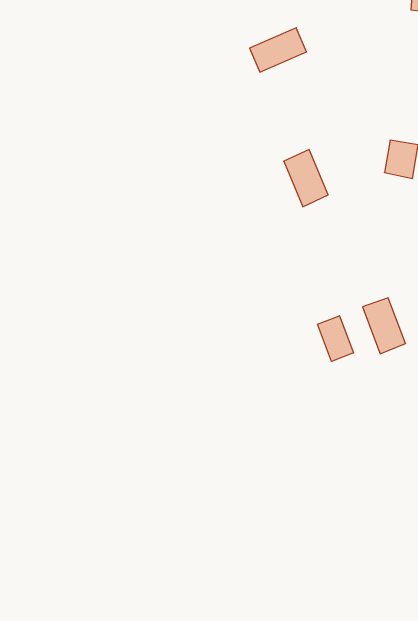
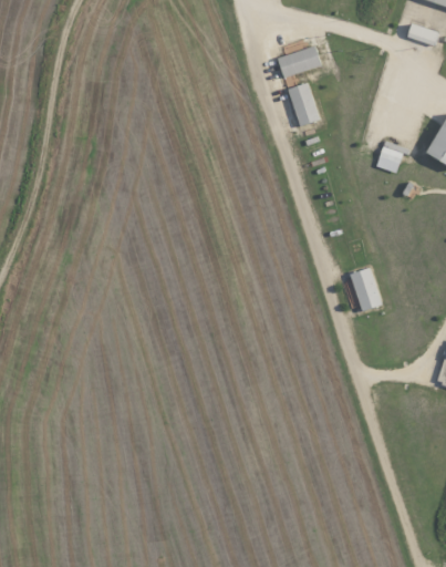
building: [284,150,328,207] -> [286,82,319,127]
building: [318,316,354,361] -> none

